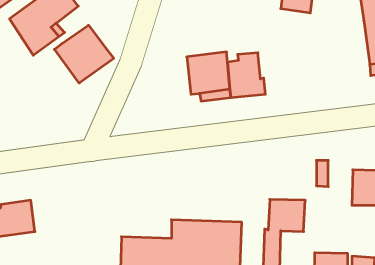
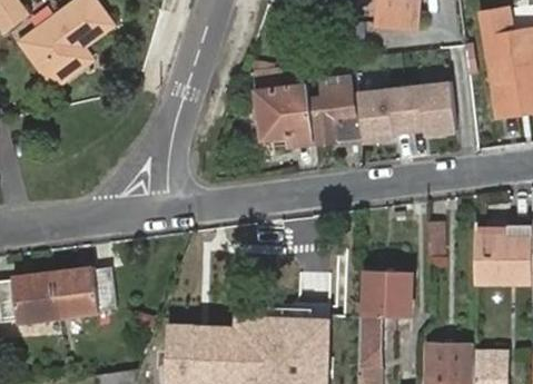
building: [54,25,114,83] -> none
building: none -> [355,82,455,146]
building: none -> [51,270,116,317]

